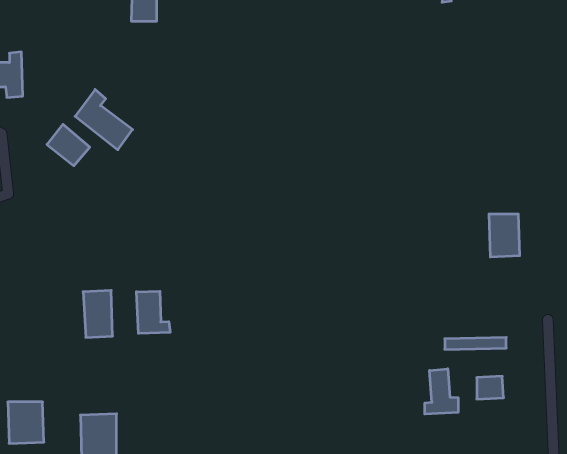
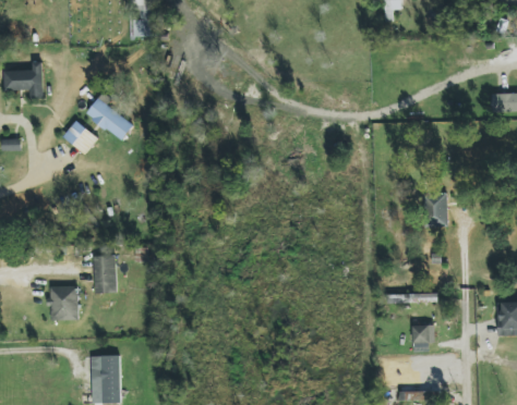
building: [136,291,170,333] -> none
building: [425,369,458,414] -> none
building: [8,402,44,443] -> [49,286,79,320]

